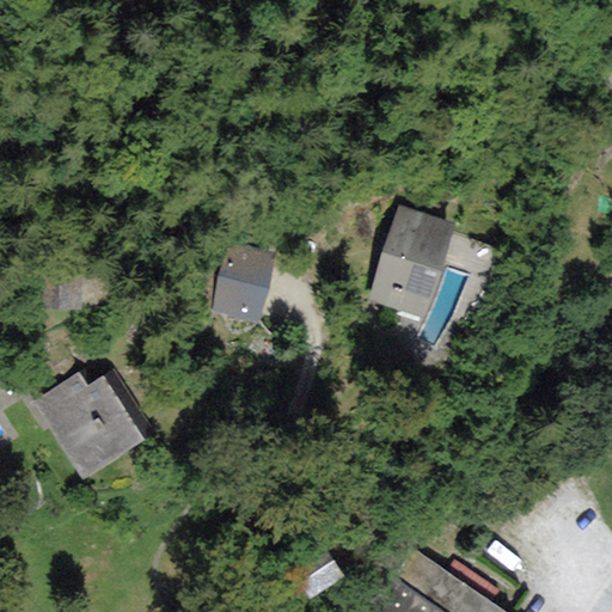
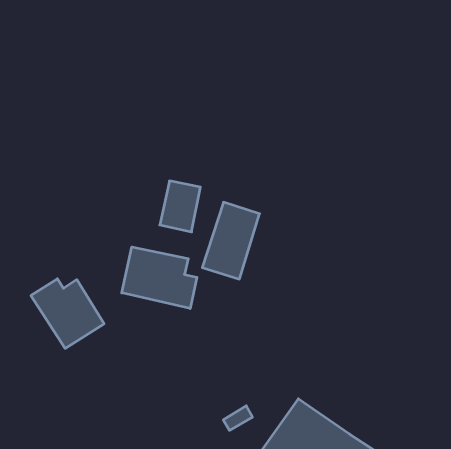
building: [372,210,449,314] -> [202,202,260,279]
building: none -> [122,247,197,309]

